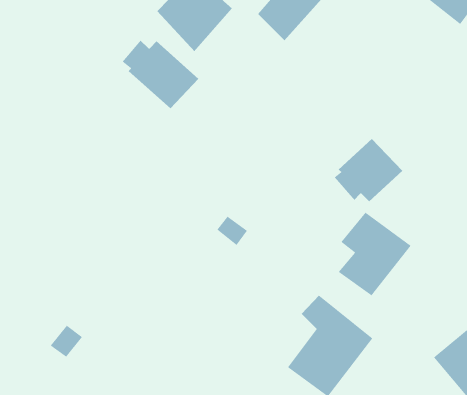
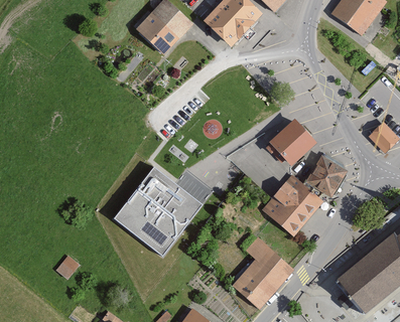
building: [122,40,199,109] -> none
building: none -> [306,152,348,196]
building: none -> [114,173,204,263]

